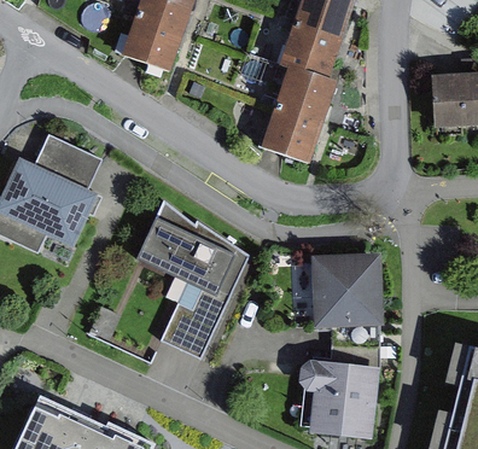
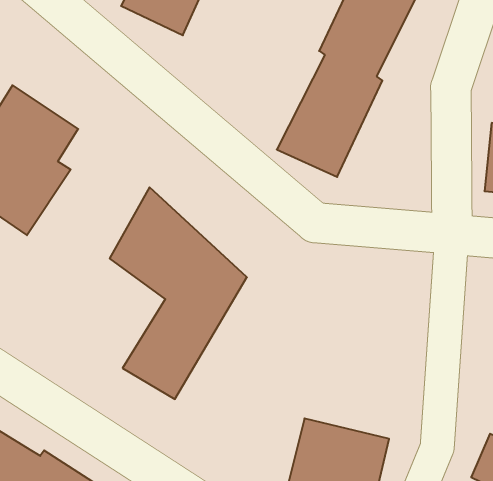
building: [313,249,384,321] -> none

